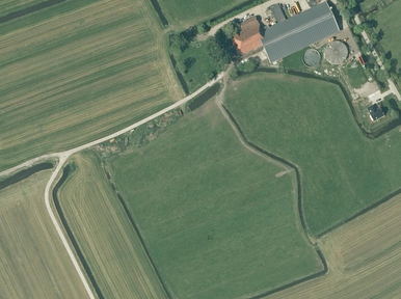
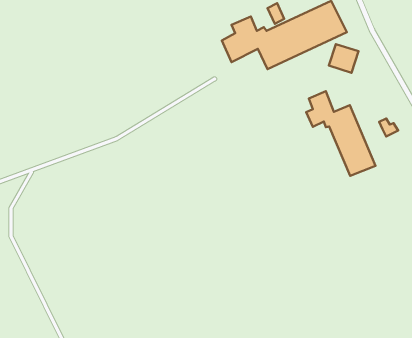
building: none -> [306,91,375,176]

